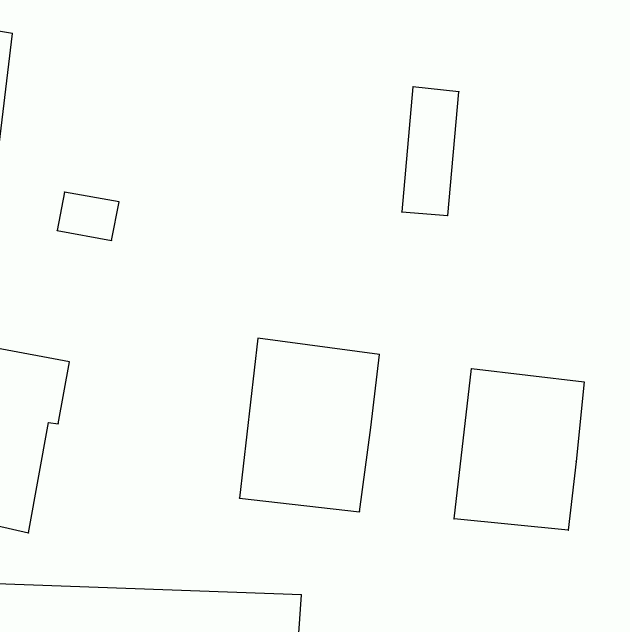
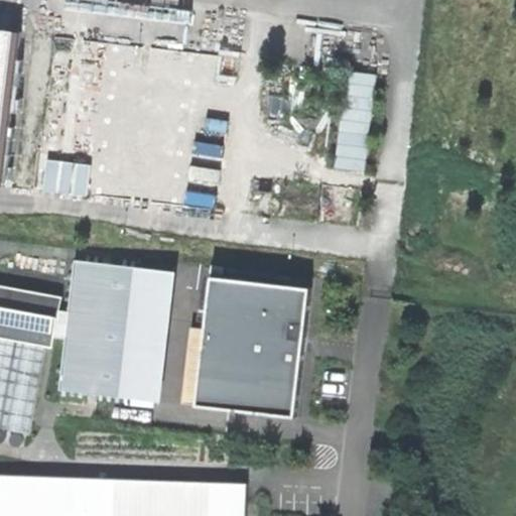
building: none -> [57,260,174,402]
building: [454,369,584,530] -> none

